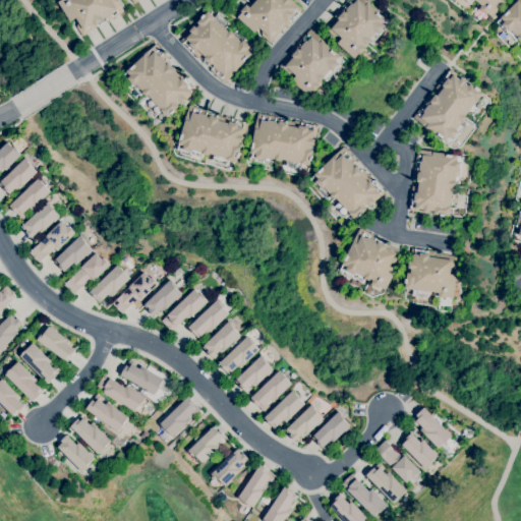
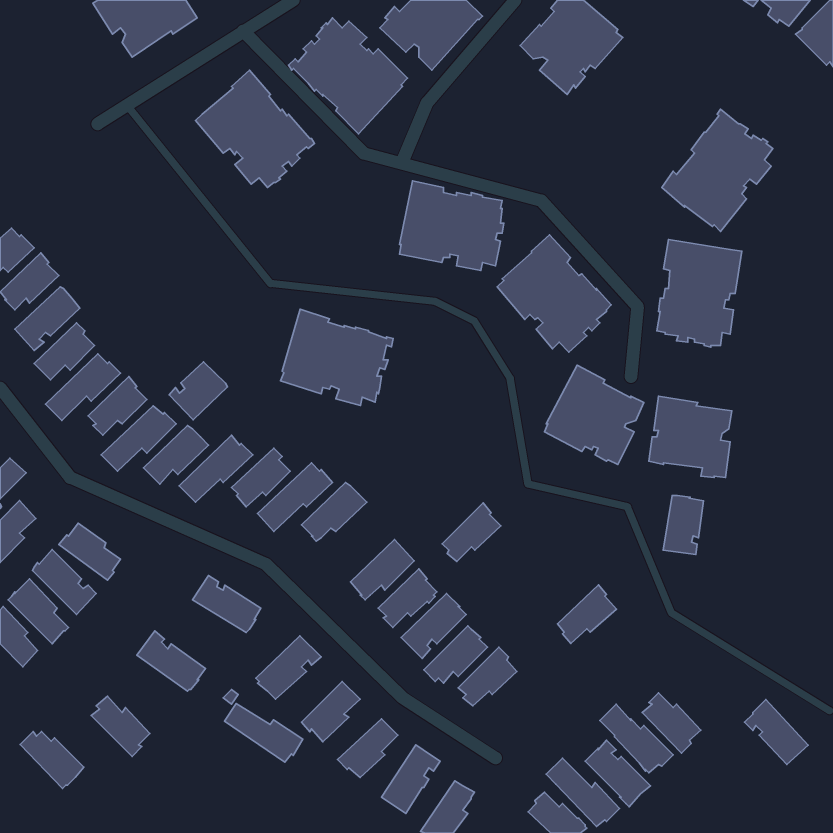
building: [279,30,344,97] -> none
building: [177,105,247,165] -> [281,309,393,405]
building: none -> [169,362,228,420]
building: none -> [663,495,704,554]
building: [204,321,240,357] -> [442,503,501,562]
building: [97,374,146,411] -> [225,703,303,762]
building: [411,407,451,448] -> [745,699,808,765]
building: [313,411,350,448] -> [558,585,616,644]
building: [70,418,110,454] -> [20,731,84,788]

